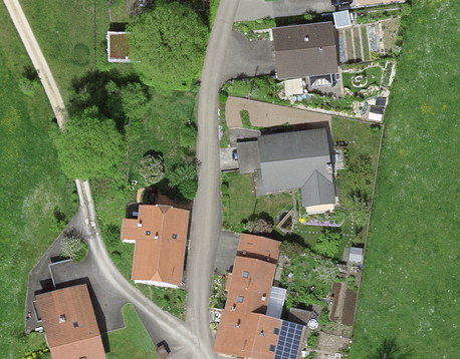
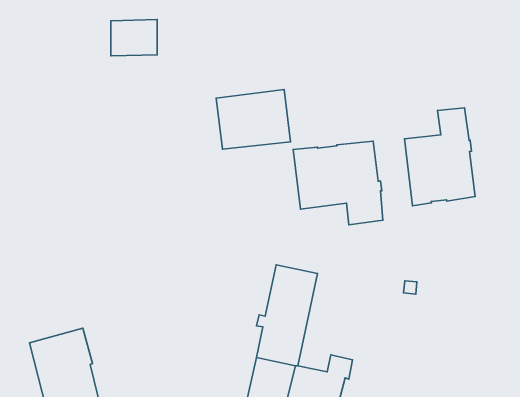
building: [273,24,334,73] -> [216,90,290,149]
building: none -> [404,108,475,206]
building: [123,207,185,285] -> none

